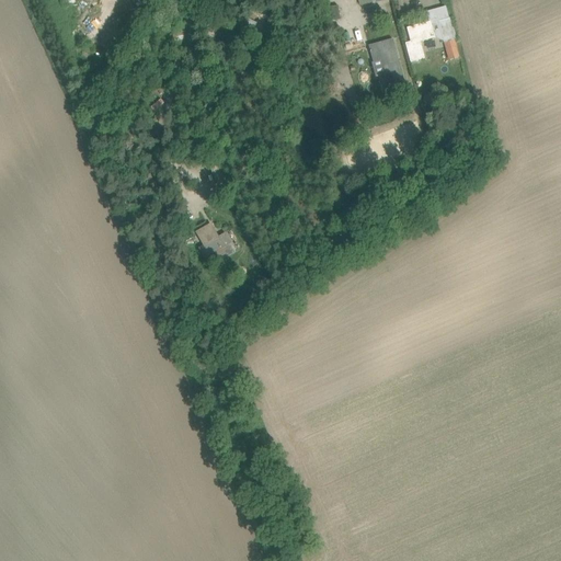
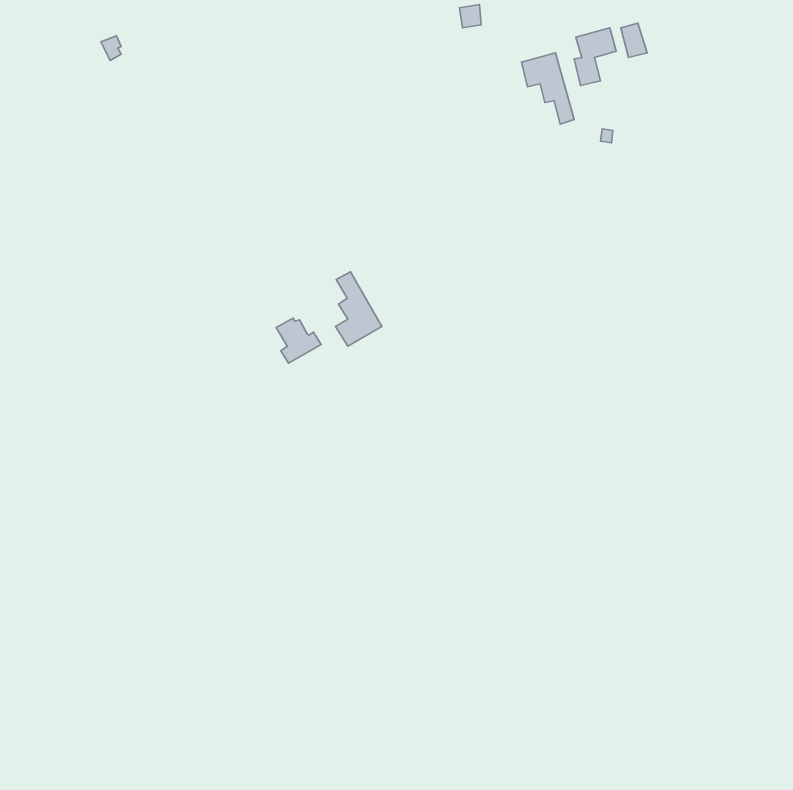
building: none -> [336,272,382,346]

